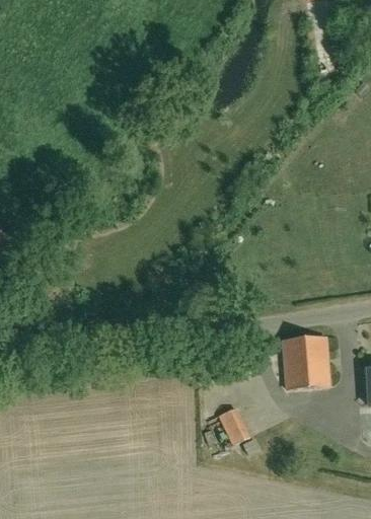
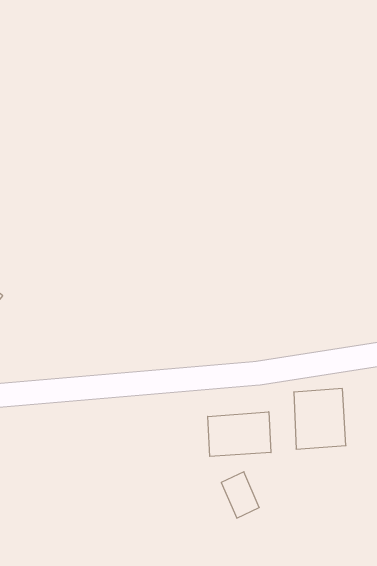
building: none -> [208,412,271,456]

